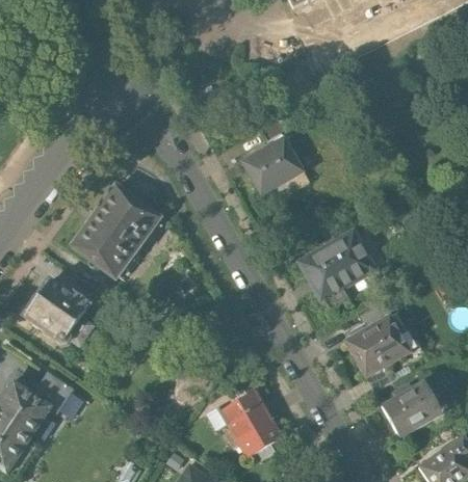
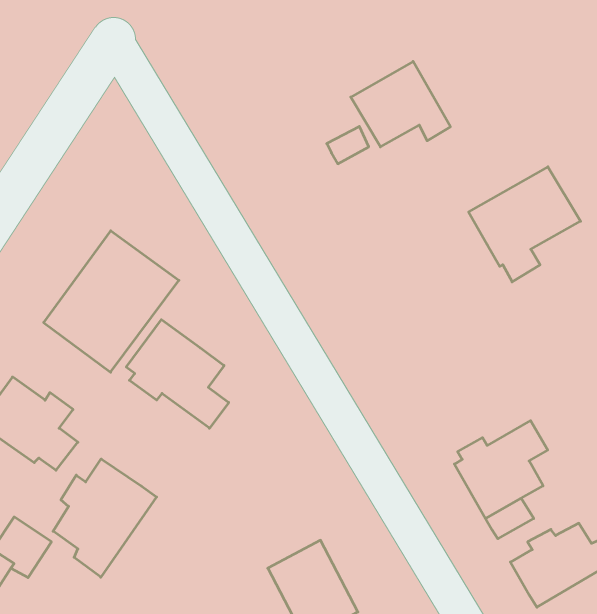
building: [242,135,309,192] -> [351,61,450,147]
building: [301,230,375,306] -> [469,167,581,282]
building: none -> [126,320,229,428]
building: none -> [53,459,157,577]

